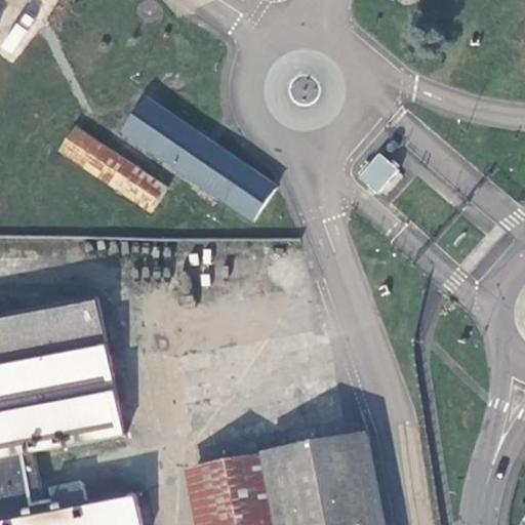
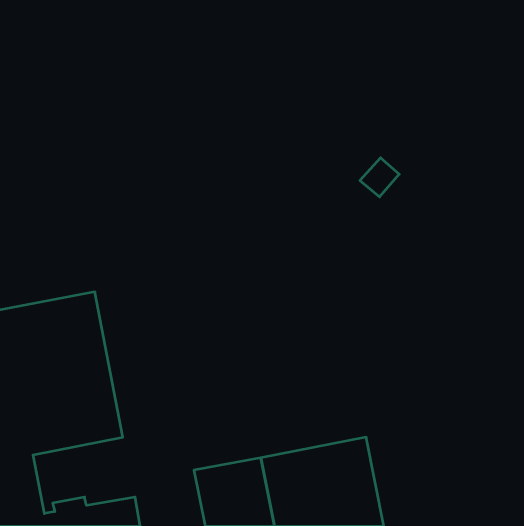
building: [122,100,272,220] -> none
building: [60,129,163,210] -> none

